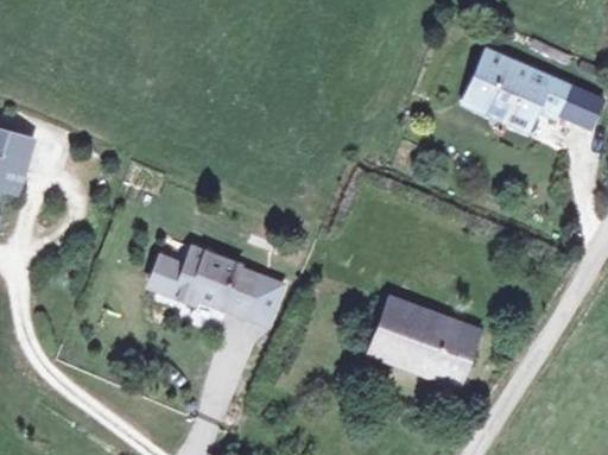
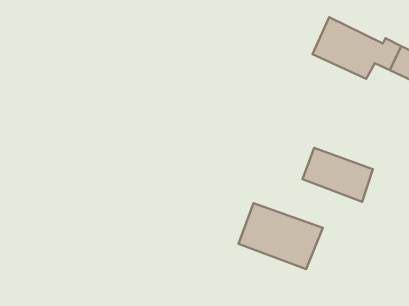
building: none -> [303,148,373,202]
building: [152,246,283,318] -> none

